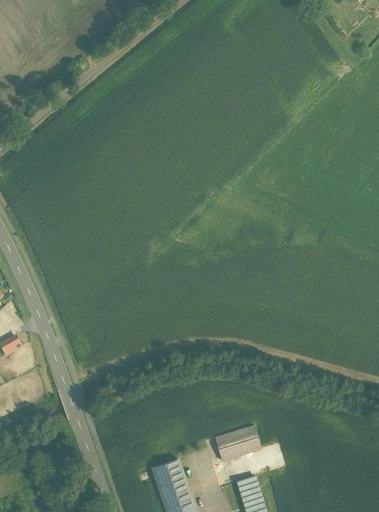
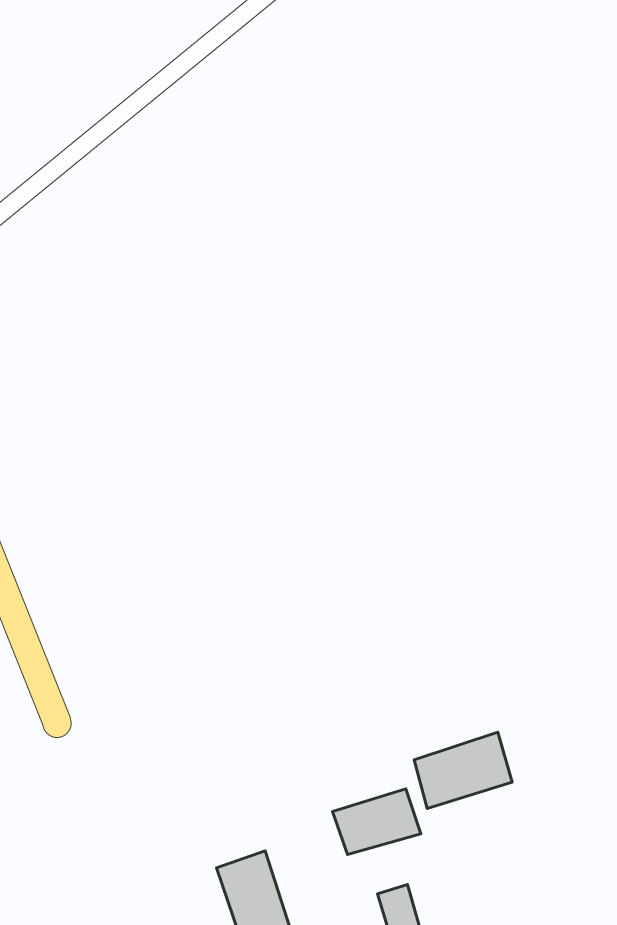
building: none -> [414,732,512,808]

